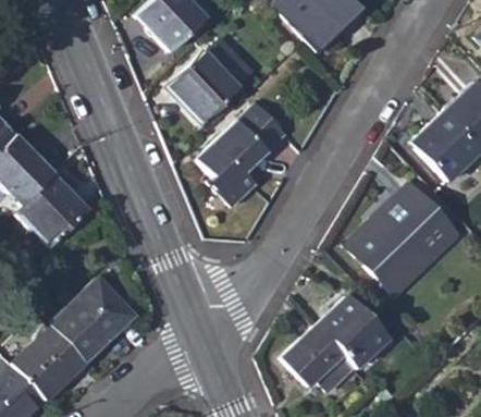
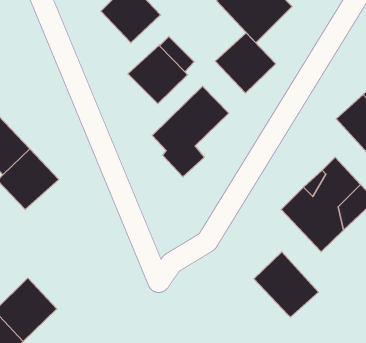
building: none -> [215,33,276,93]
building: [52,277,136,360] -> none
building: [283,326,355,391] -> none

